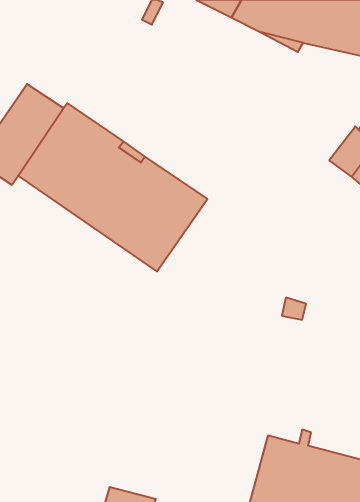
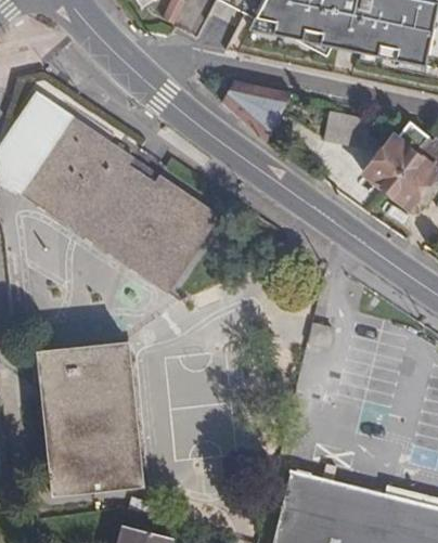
building: none -> [218,82,286,138]
building: none -> [321,114,366,150]
building: none -> [39,345,146,497]

